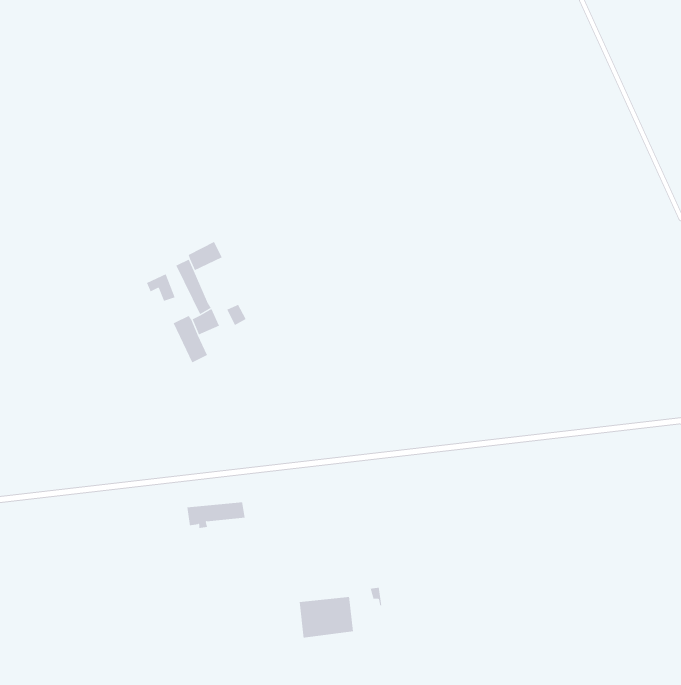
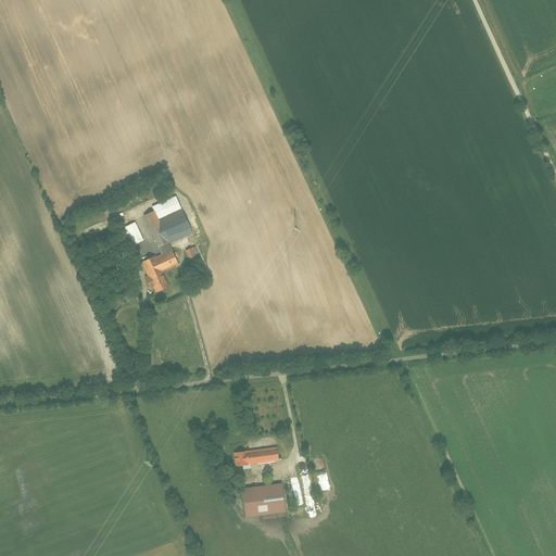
building: none -> [157,208,192,244]
building: [186,502,245,528] -> [232,447,280,469]

